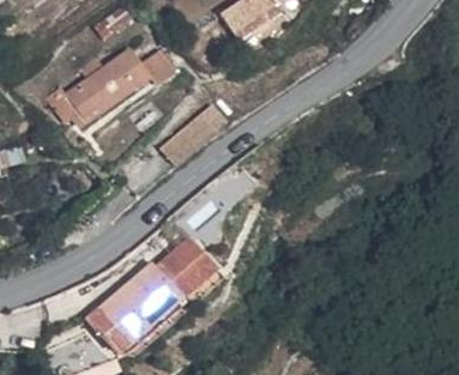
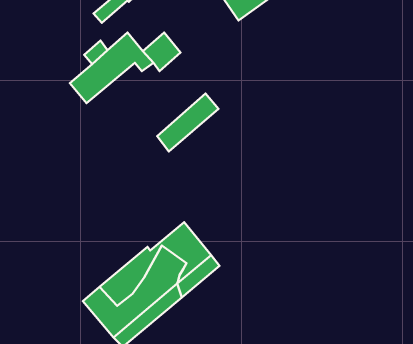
building: [56,75,145,131] -> none

